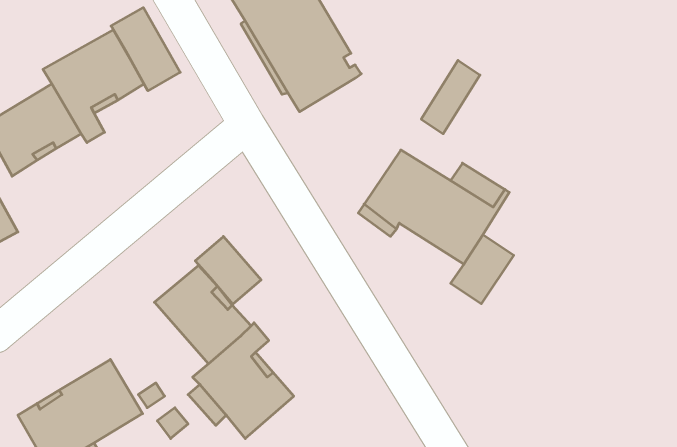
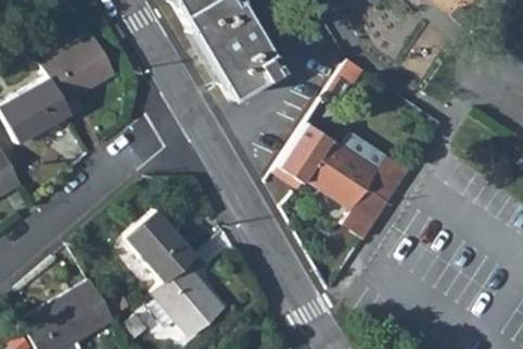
building: [111,8,180,91] -> none
building: none -> [367,154,410,201]
building: [195,236,261,304] -> none

